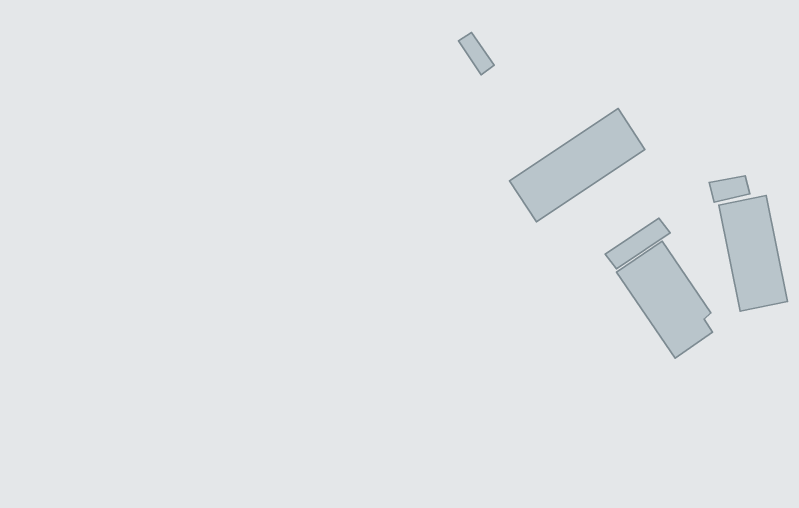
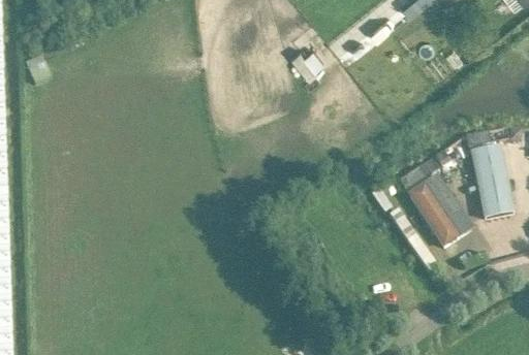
building: [510,109,645,222] -> none

